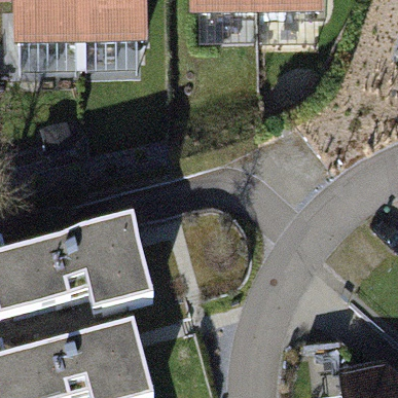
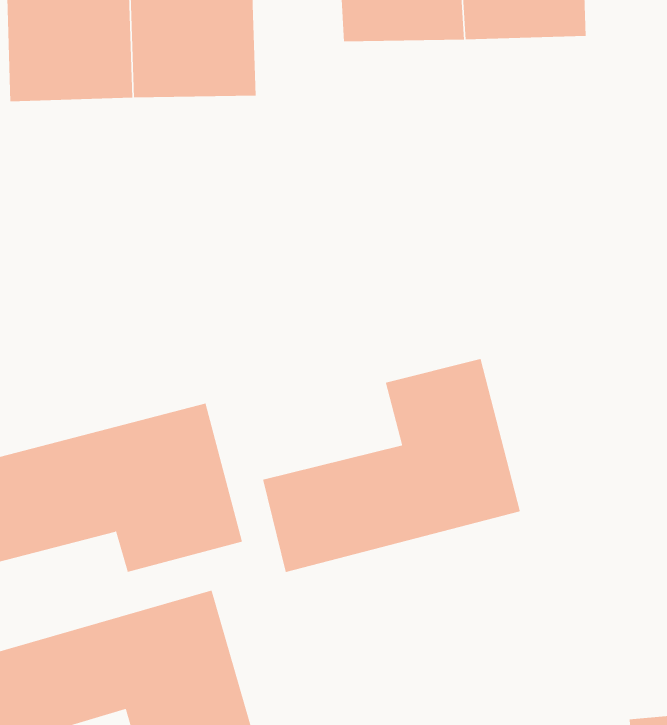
building: none -> [262,358,521,573]

